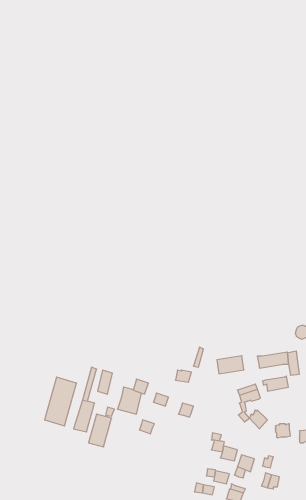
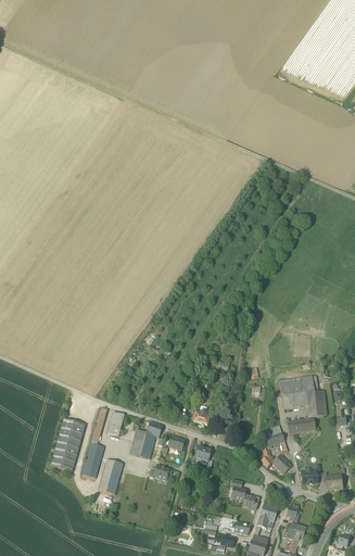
building: [217,356,244,374] -> [284,376,314,395]

